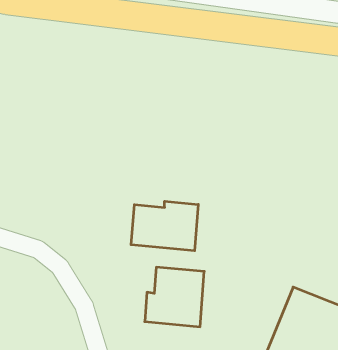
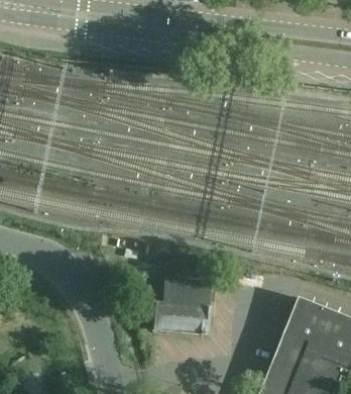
building: [131,201,198,251] -> none

